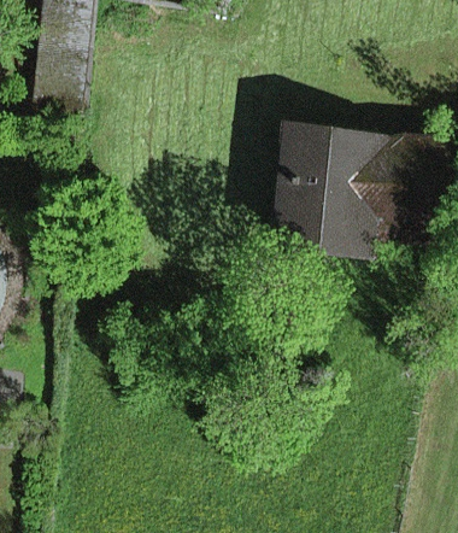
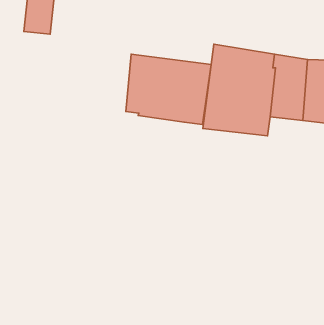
building: none -> [126,54,211,124]

